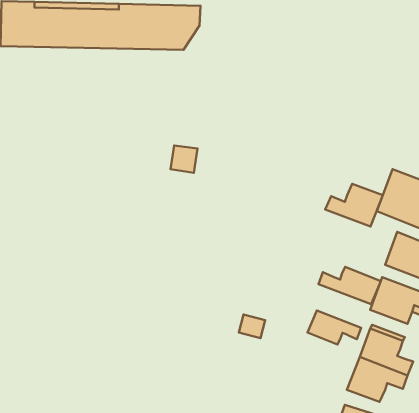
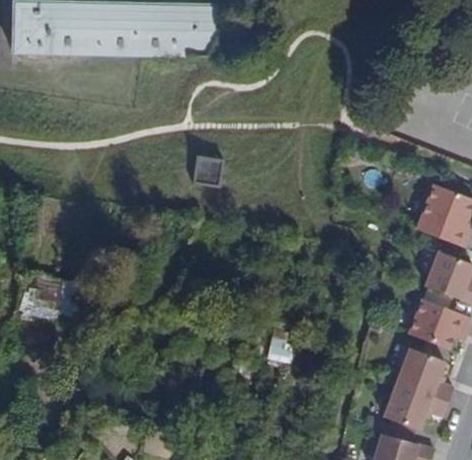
building: [325,184,383,227] -> none
building: [318,267,381,304] -> none
building: [308,310,361,345] -> none

